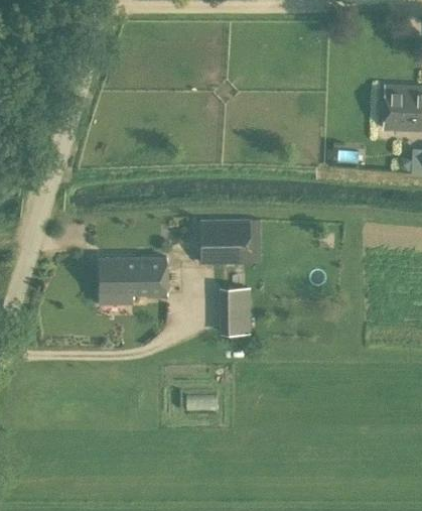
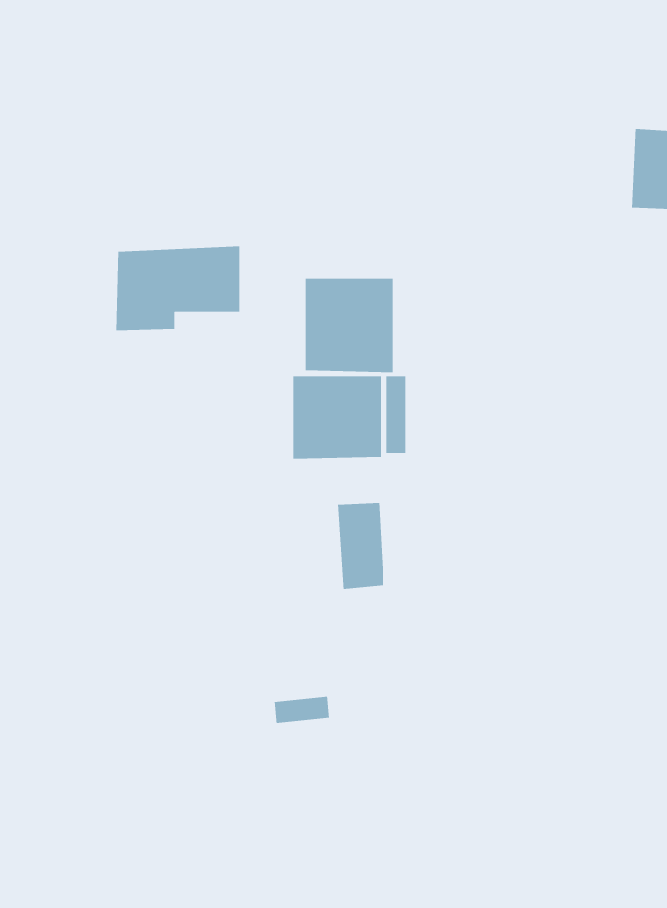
building: none -> [305,278,394,373]
building: [98,257,165,303] -> [116,246,240,331]

